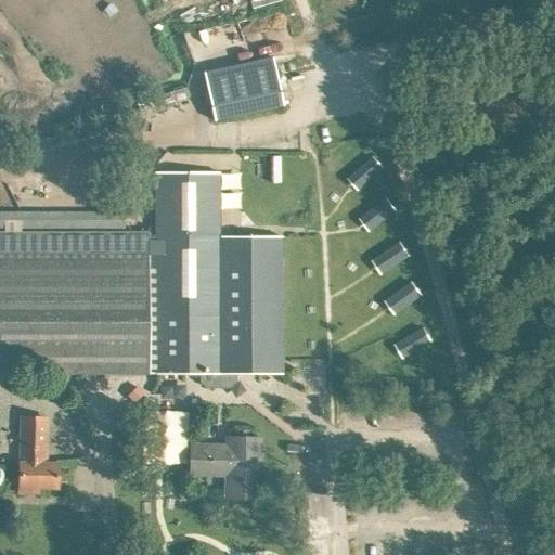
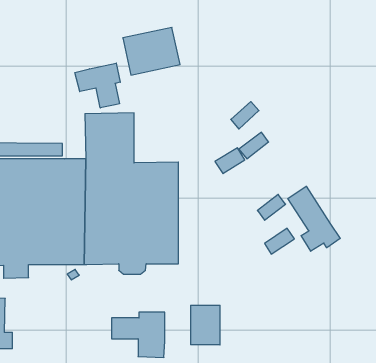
building: none -> [75,63,120,108]
building: [372,238,412,273] -> [215,148,245,174]
building: none -> [288,186,340,251]
building: none -> [191,305,220,345]

